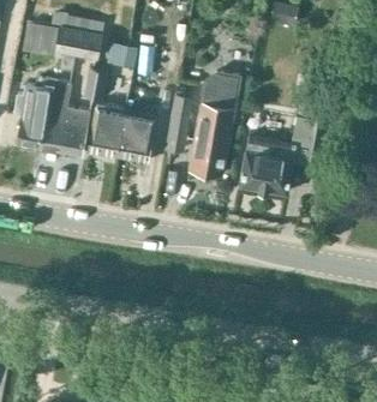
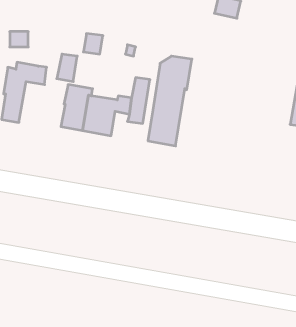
building: [54,25,102,72] -> none
building: [38,100,90,155] -> none
building: [240,115,317,192] -> none

